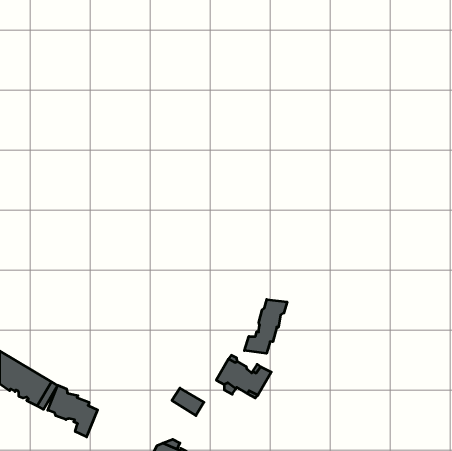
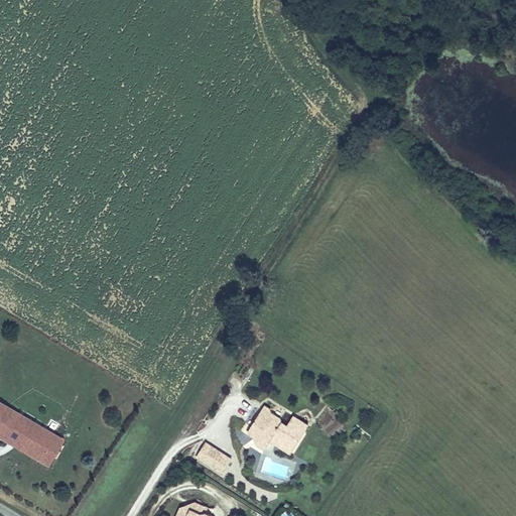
building: [244,299,287,353] -> none
building: [48,385,98,437] -> none

